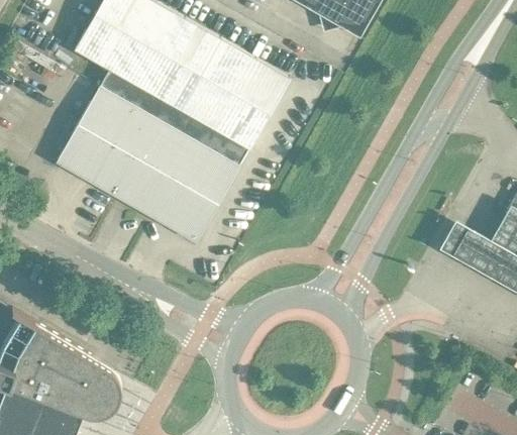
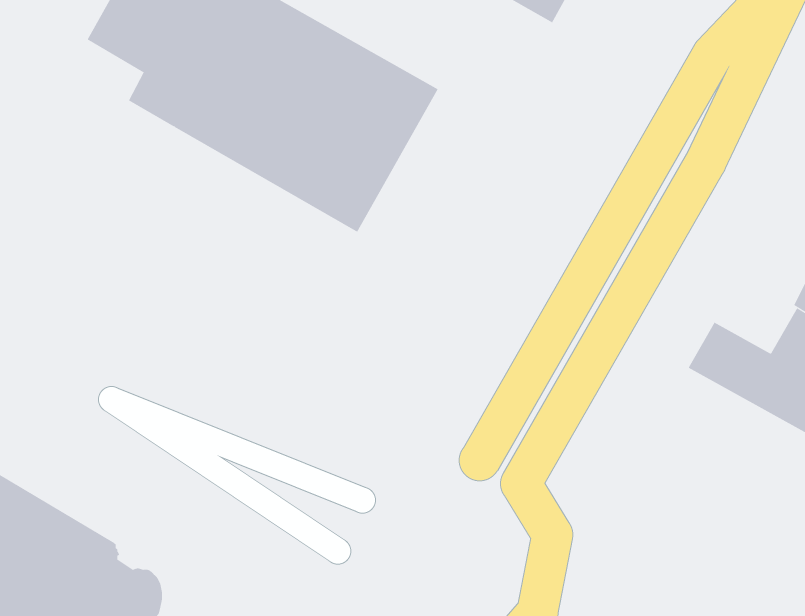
building: [56,86,239,242] -> none

